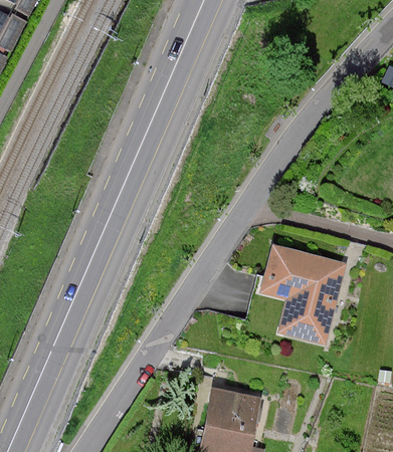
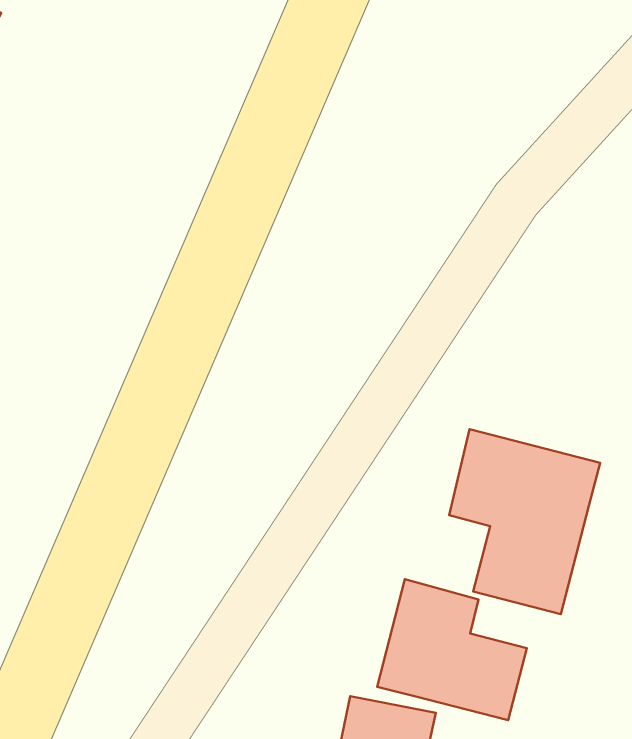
building: none -> [377,579,527,720]

